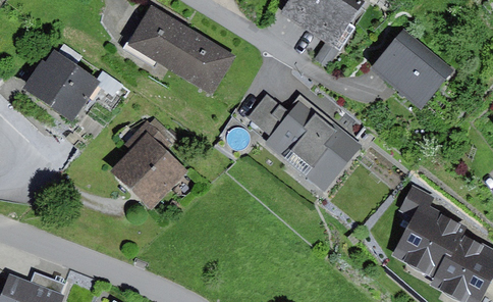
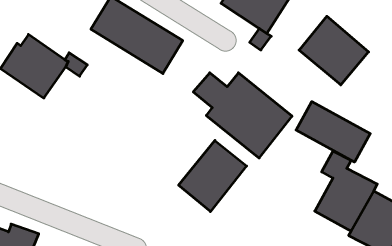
building: [109,119,186,209] -> none
building: none -> [296,102,370,162]
building: none -> [179,140,247,212]

